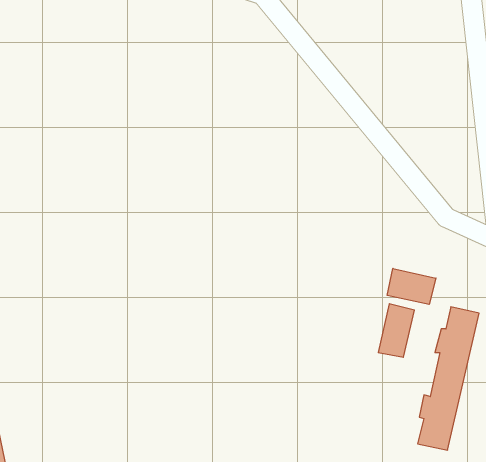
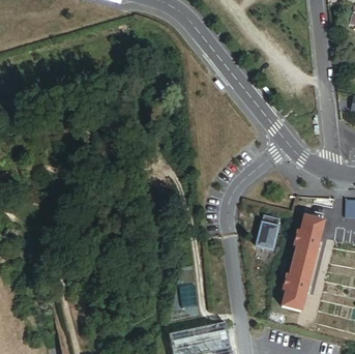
building: [387,268,436,304] -> none

